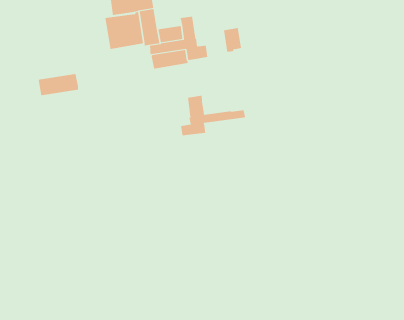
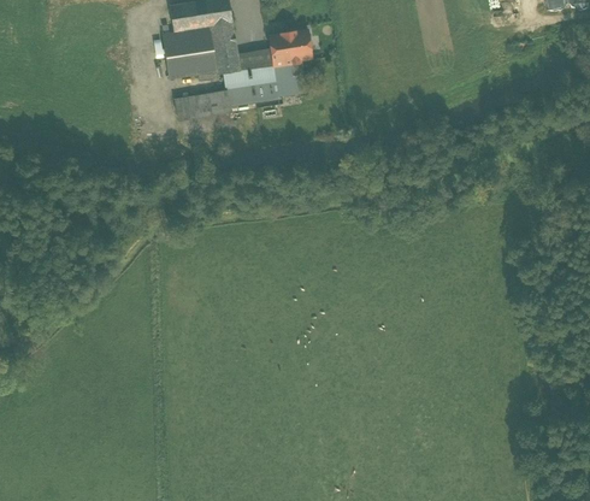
building: [223,28,242,52] -> [287,29,313,64]
building: [38,74,79,96] -> [173,89,231,120]
building: [181,95,246,136] -> none

